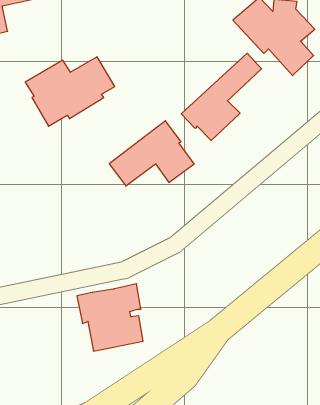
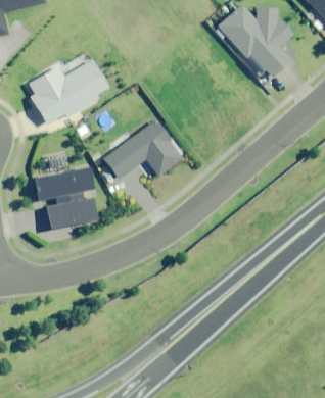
building: [181,53,262,141] -> none
building: [77,284,143,351] -> [35,166,96,229]

